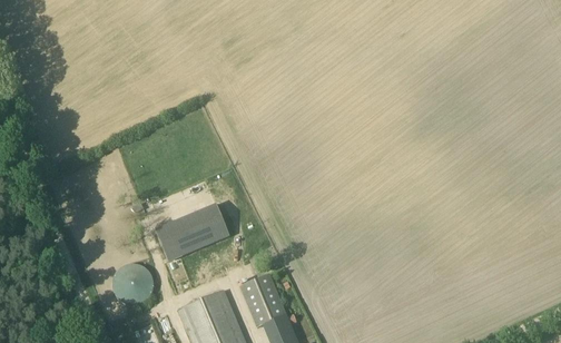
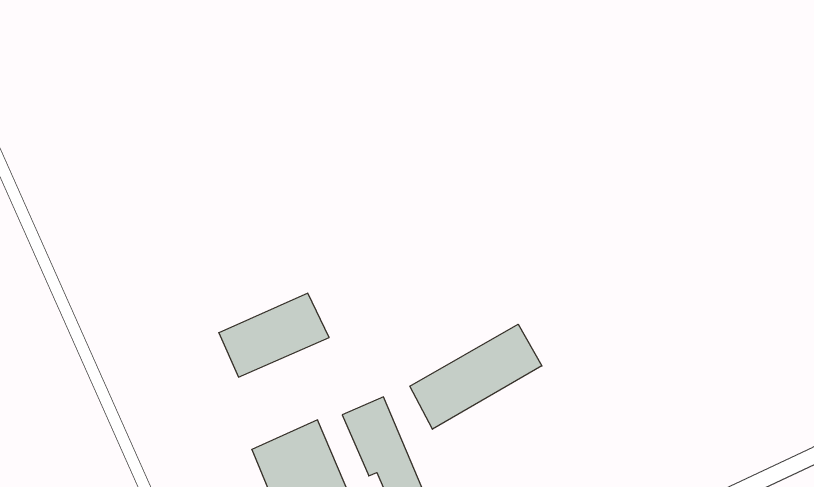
building: none -> [410,324,542,429]
building: [112,265,156,307] -> none

